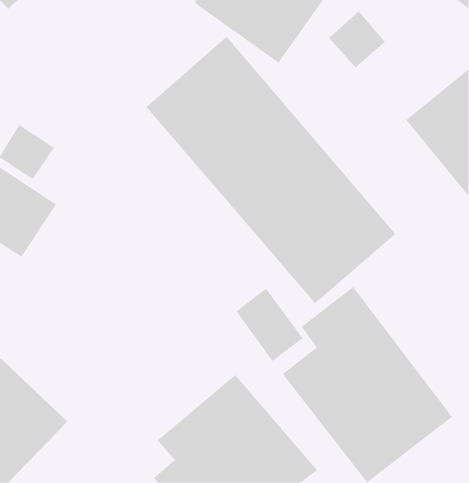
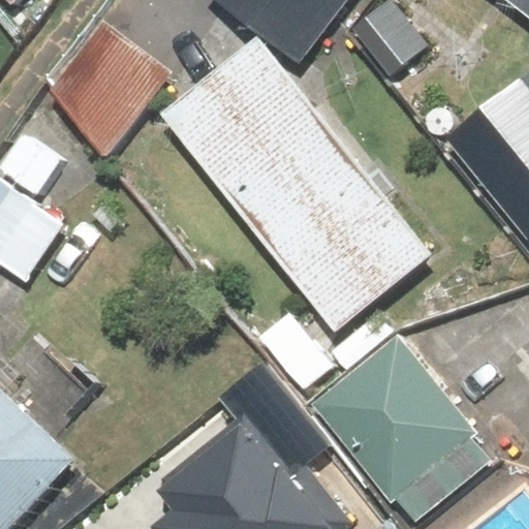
building: none -> [48,18,164,155]

